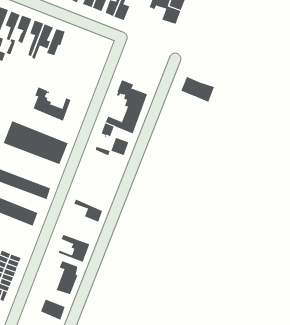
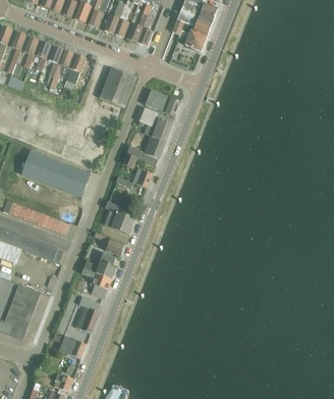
building: none -> [99,66,134,106]
building: [181,76,215,103] -> [145,89,180,116]
building: [33,86,71,121] -> none
building: none -> [104,200,134,234]
building: none -> [82,253,115,279]

